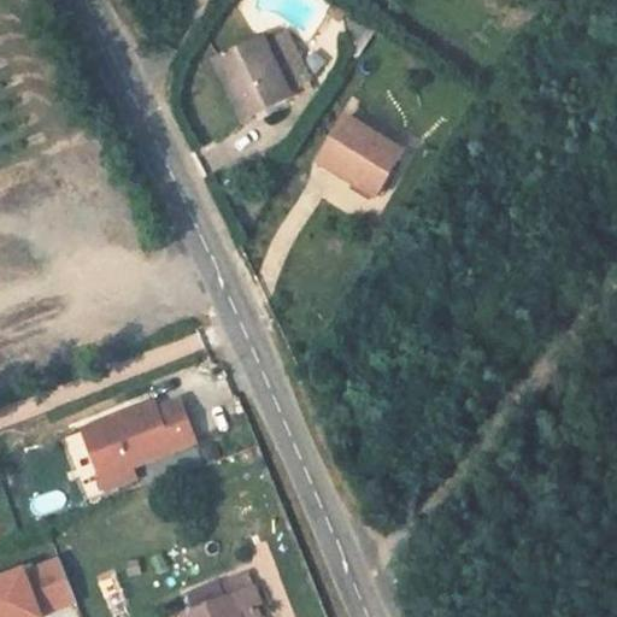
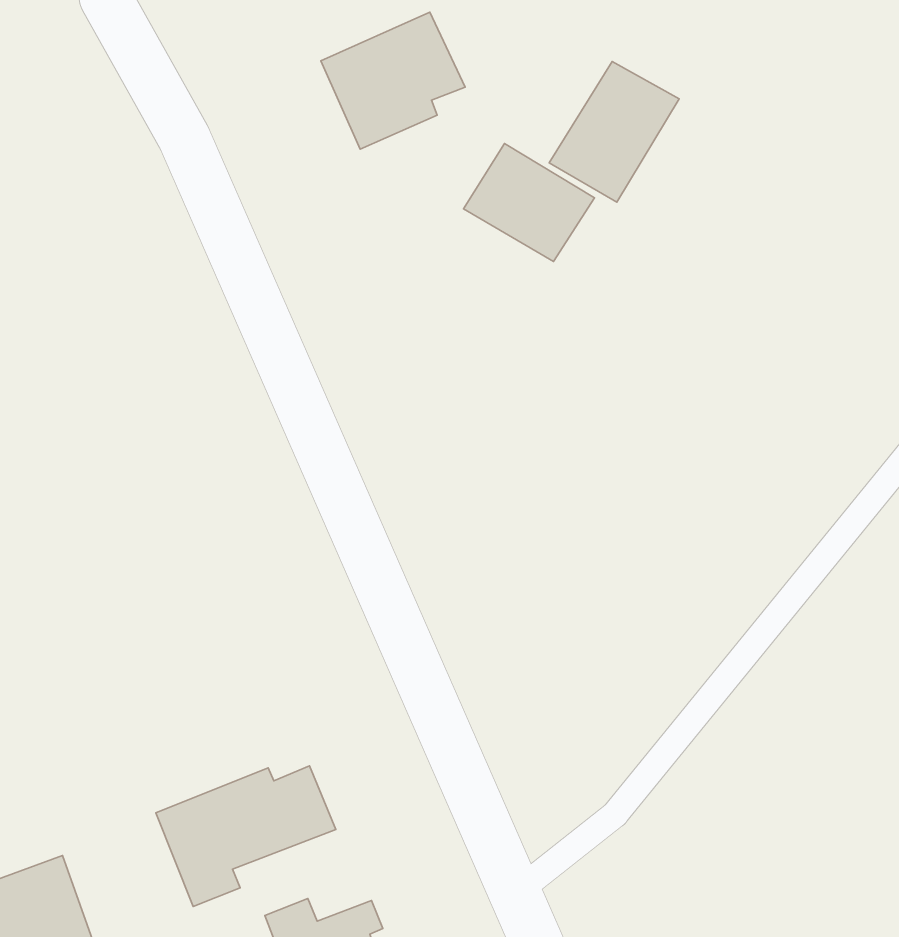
building: none -> [549,62,679,202]
building: [78,407,194,498] -> [156,766,336,906]

